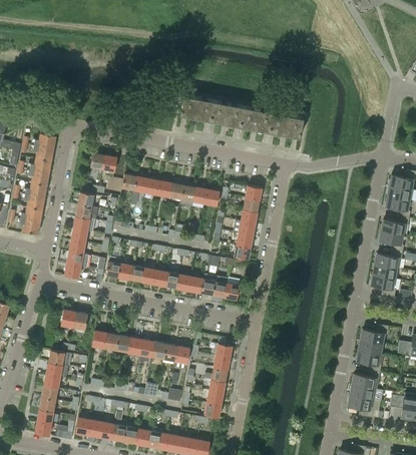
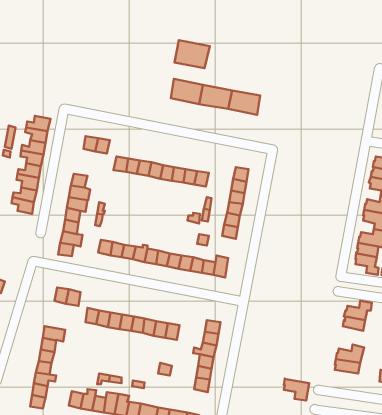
building: none -> [174,40,210,68]
building: [270,111,303,136] -> none
building: [356,350,383,372] -> none
building: [348,394,374,417] -> [284,378,309,401]

